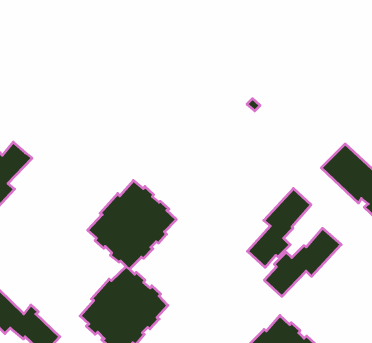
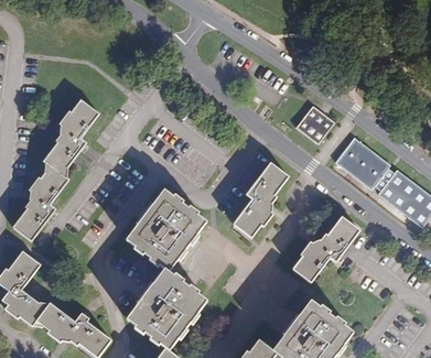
building: none -> [43,99,98,174]
building: none -> [295,105,334,143]
building: [247,188,311,267] -> [234,162,288,237]

